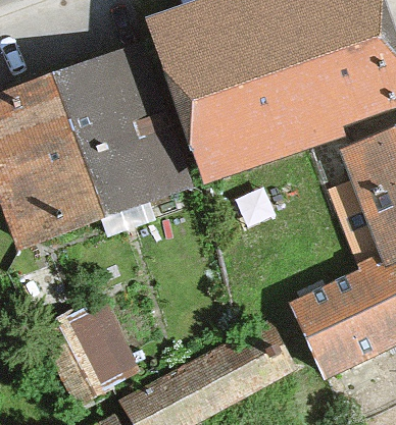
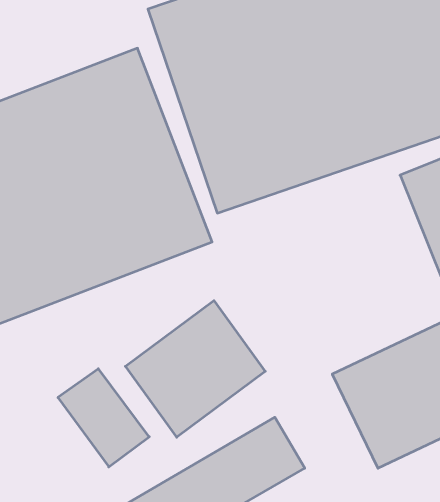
building: none -> [125,301,265,437]

